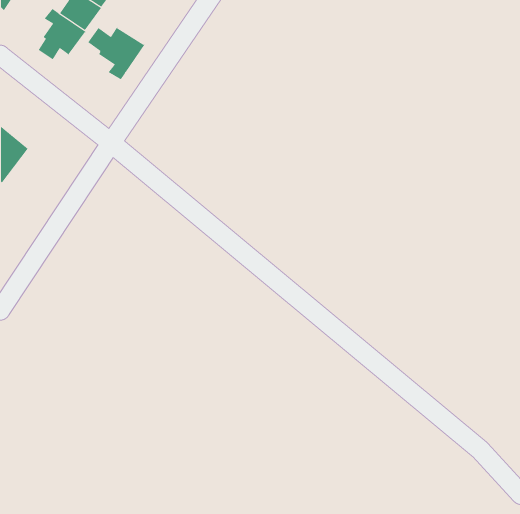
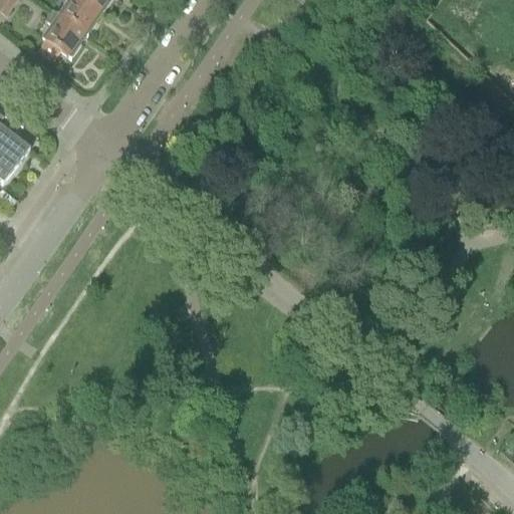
building: [88,24,146,80] -> none

